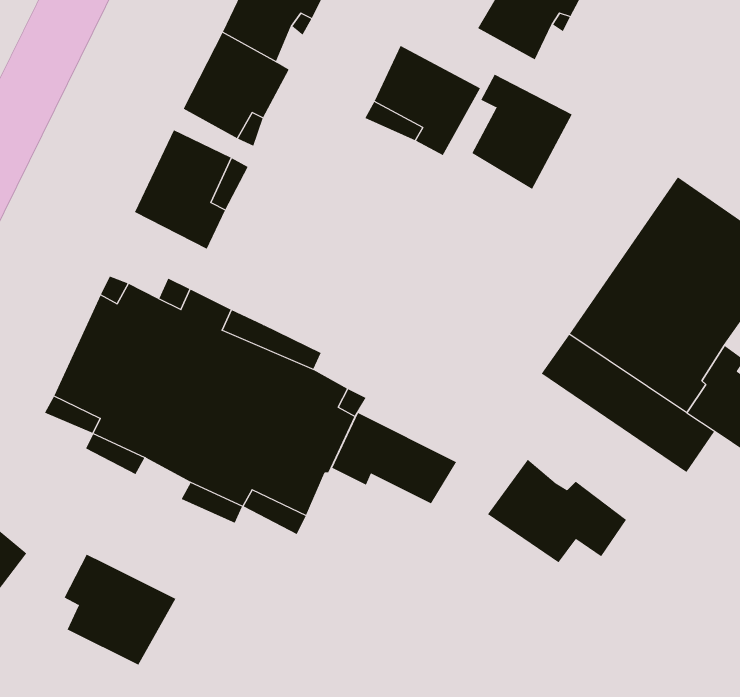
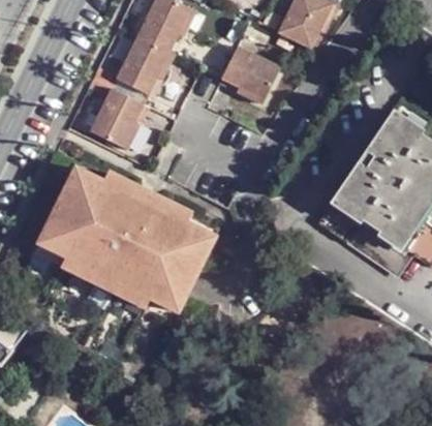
building: [472,74,573,190] -> none
building: [332,412,457,504] -> none
building: [487,459,627,563] -> none
building: [64,554,176,666] -> none

